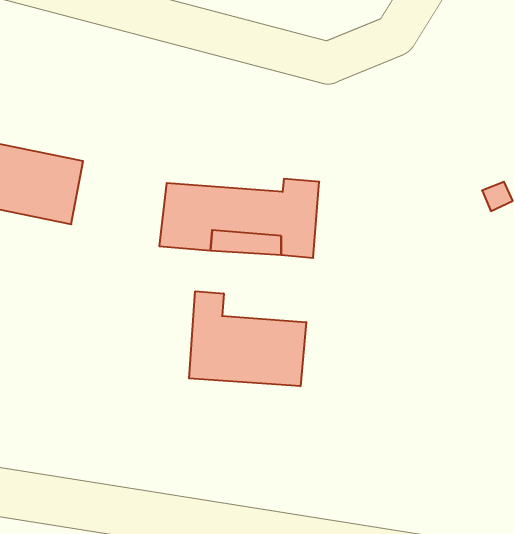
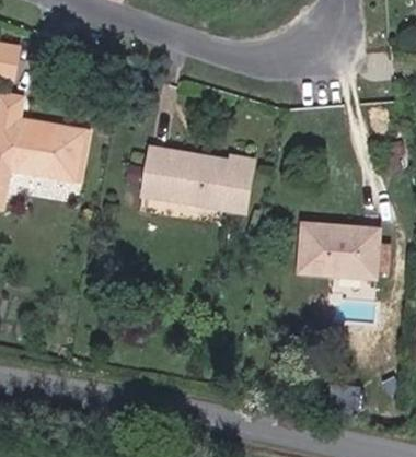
building: none -> [309,222,384,281]
building: [189,291,306,386] -> none

